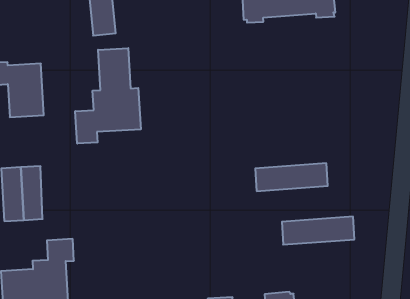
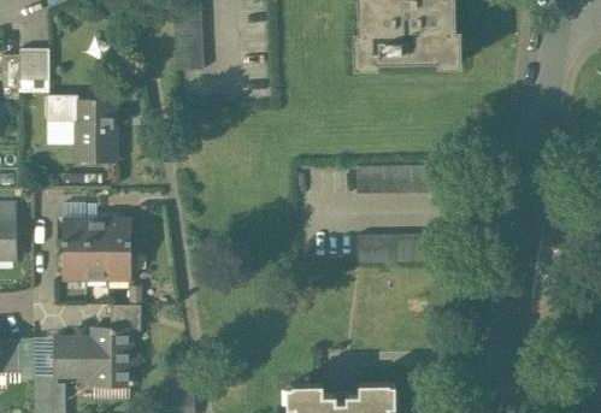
building: [75,48,141,144] -> none
building: none -> [107,219,131,281]
building: [282,217,354,245] -> [357,166,440,194]

